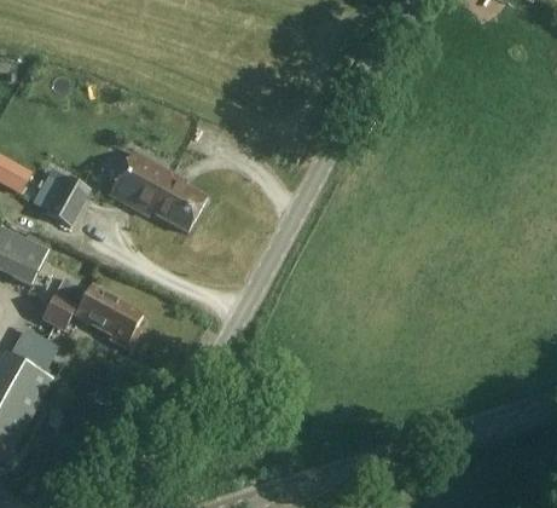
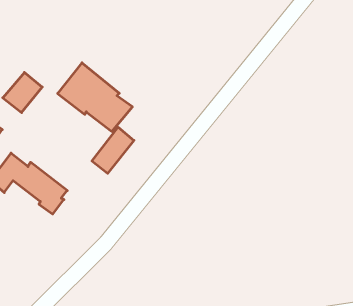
building: none -> [92,127,134,173]

